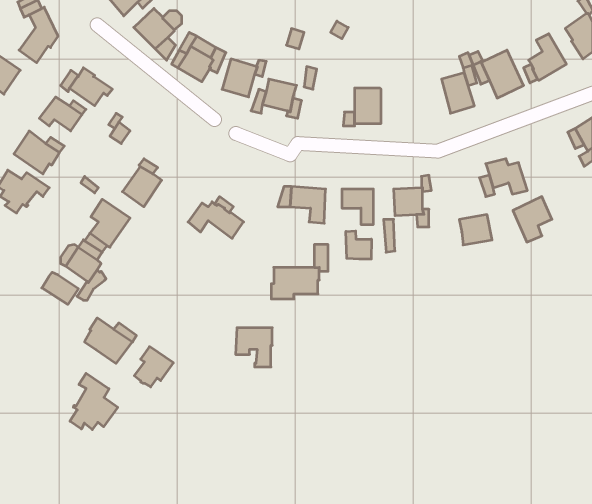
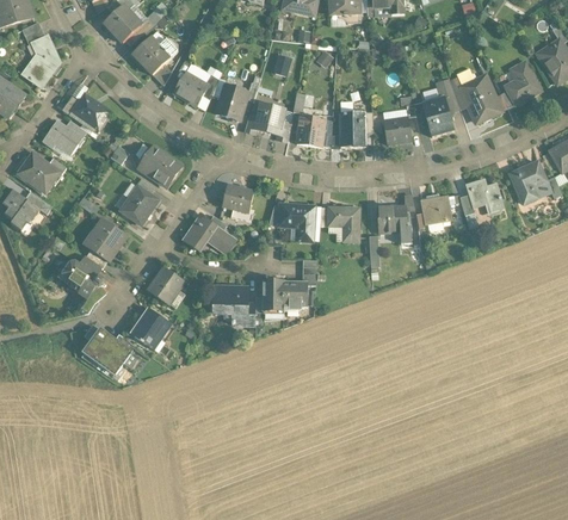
building: none -> [296,116,323,146]
building: none -> [383,116,410,144]
building: none -> [138,146,180,186]
building: none -> [222,185,253,212]
building: [513,197,552,242] -> [510,160,547,203]
building: [459,215,492,245] -> [420,196,451,224]
building: [346,231,371,259] -> none
building: none -> [147,267,183,304]
building: [42,272,78,304] -> none
building: [236,328,272,367] -> [212,287,247,324]
building: [134,347,173,387] -> [134,308,171,346]
building: [70,373,118,430] -> none

